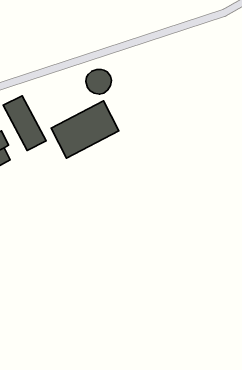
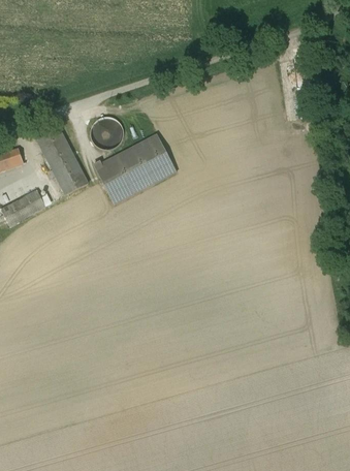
building: [86,69,111,94] -> [92,117,123,147]

